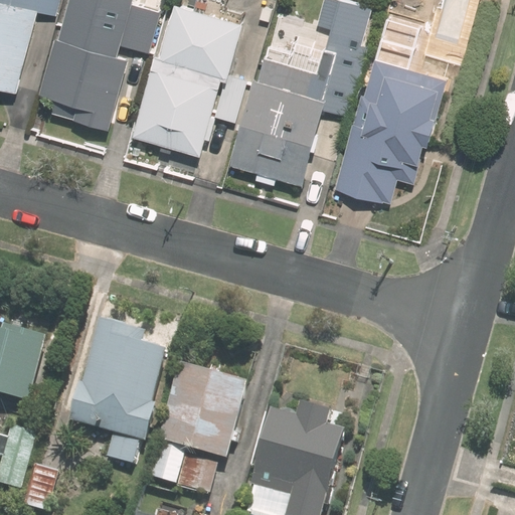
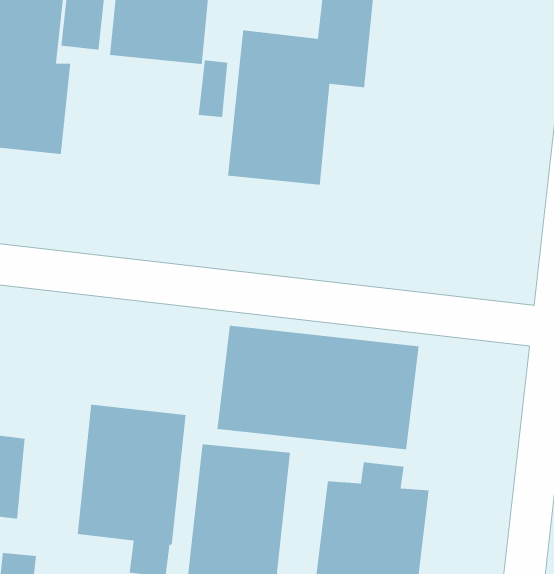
building: [337,57,443,200] -> none
building: [130,68,217,154] -> none
building: none -> [217,325,420,450]

